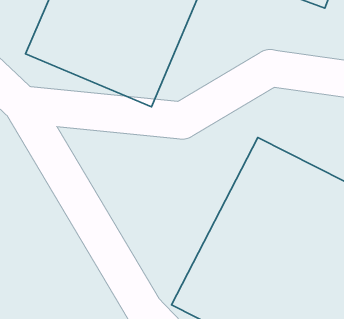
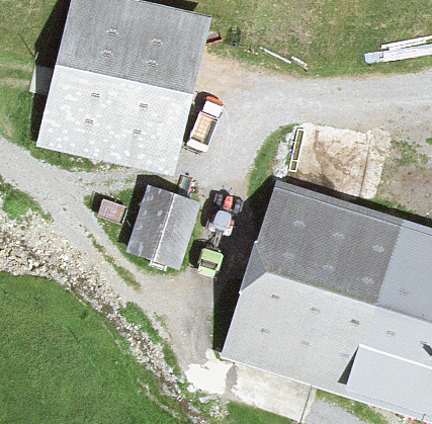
building: none -> [127,186,199,266]

